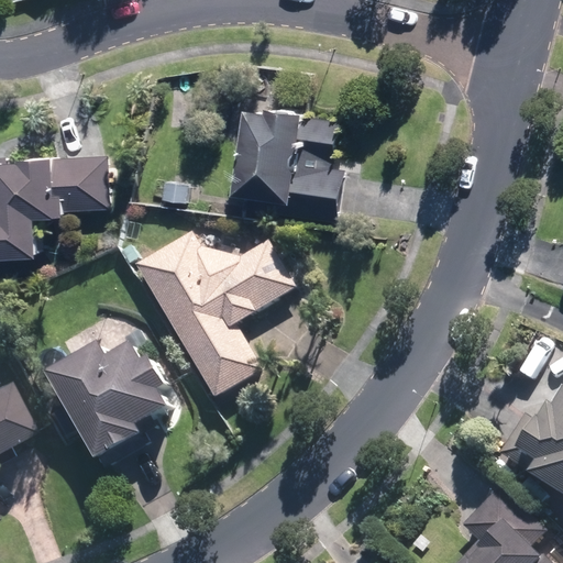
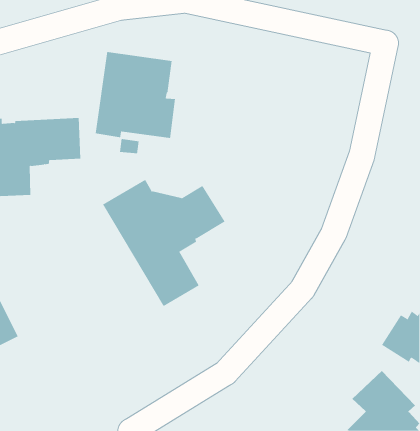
building: [234,107,340,220] -> [95,52,176,139]
building: [53,345,175,470] -> none

